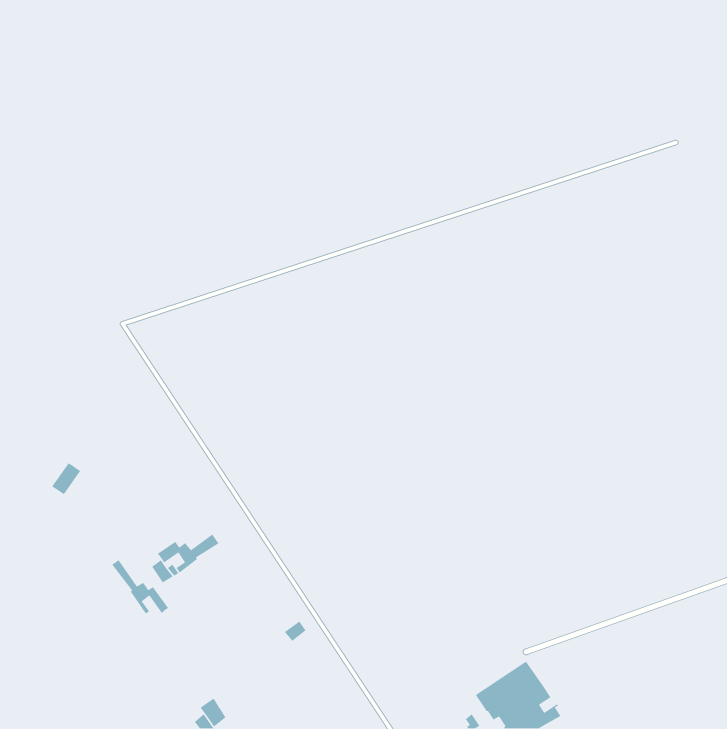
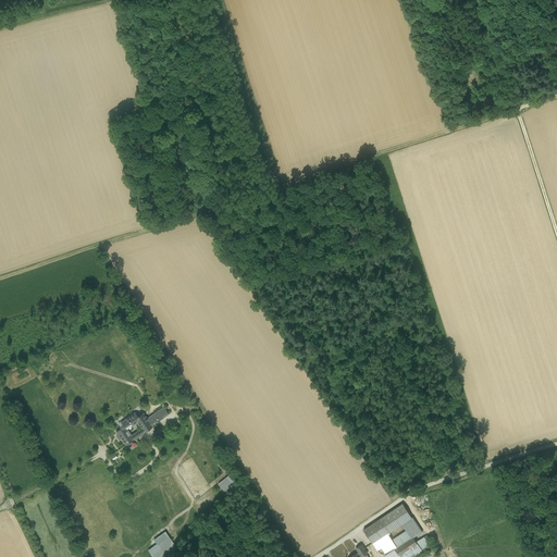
building: [111,559,169,615] -> none

